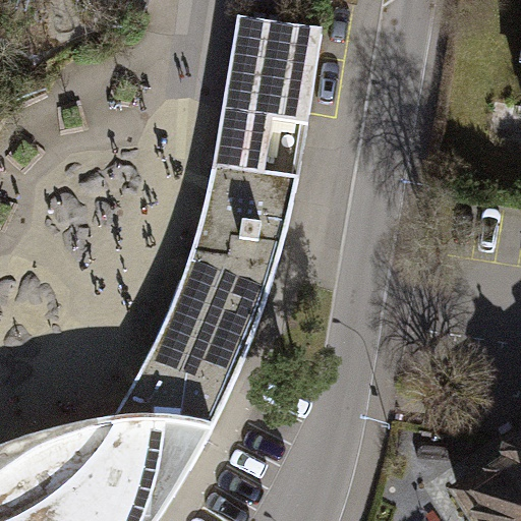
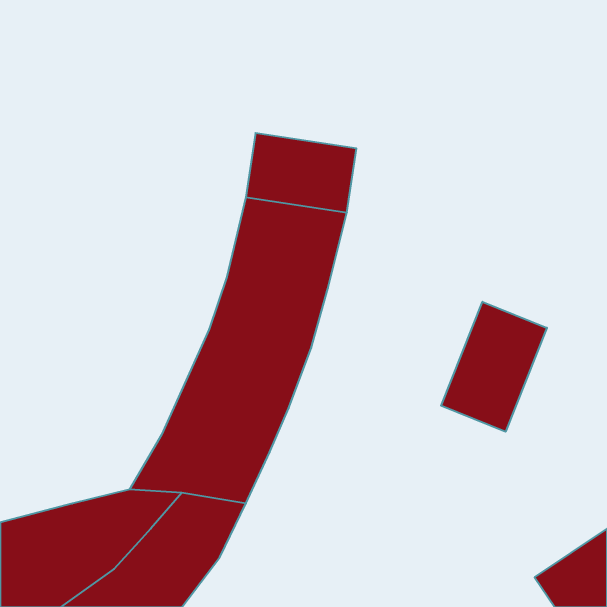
building: [219,18,320,127] -> none
building: none -> [441,302,547,432]

